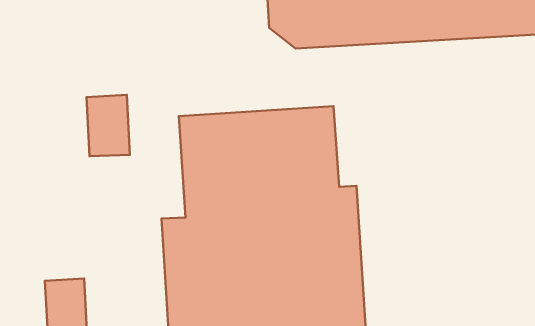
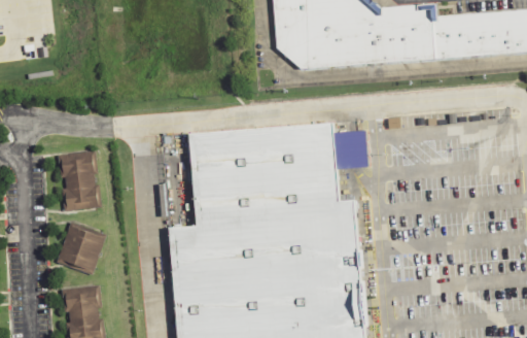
building: [86,95,130,156] -> [57,151,98,209]
building: none -> [58,223,108,273]

